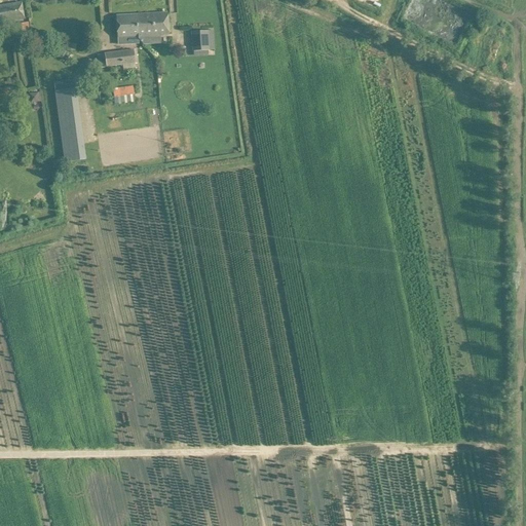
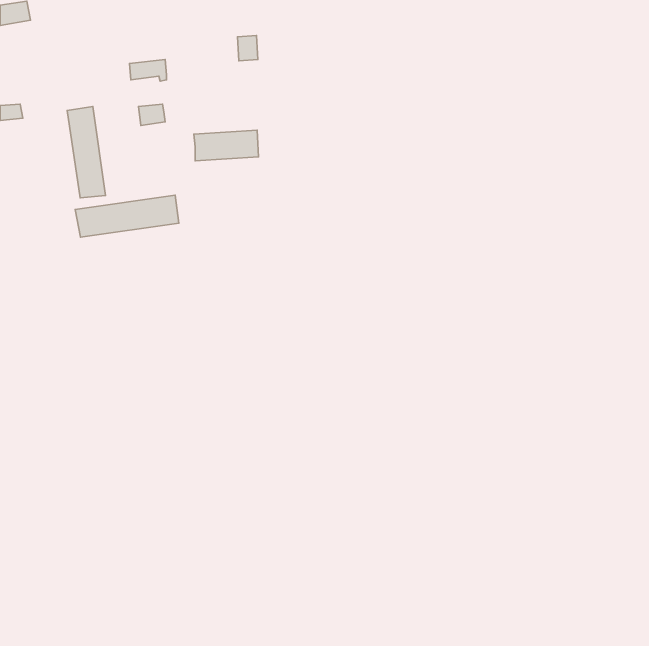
building: [116,11,168,36] -> [194,130,259,161]
building: none -> [75,195,179,237]

